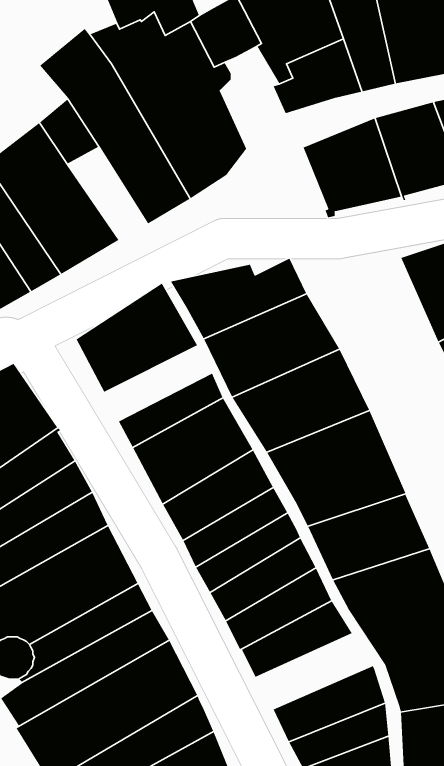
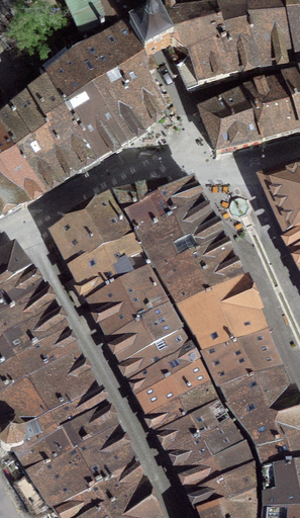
building: none -> [48,106,100,166]
building: none -> [72,234,141,282]
building: none -> [169,419,244,467]

